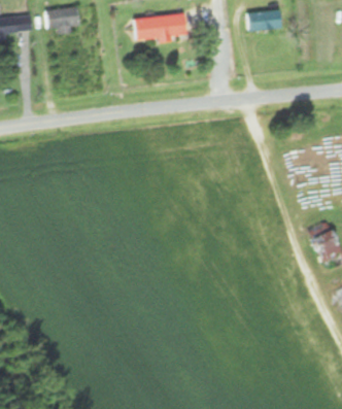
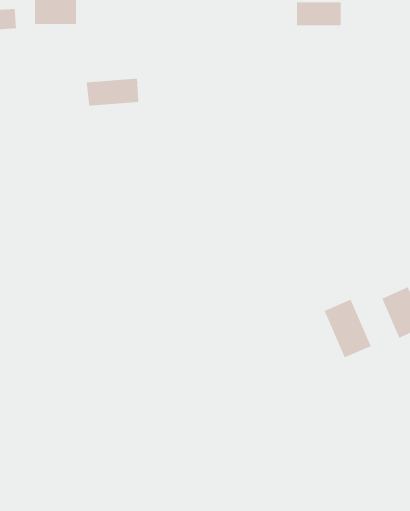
building: [145,20,186,41] -> [86,78,139,106]
building: none -> [324,299,371,358]

